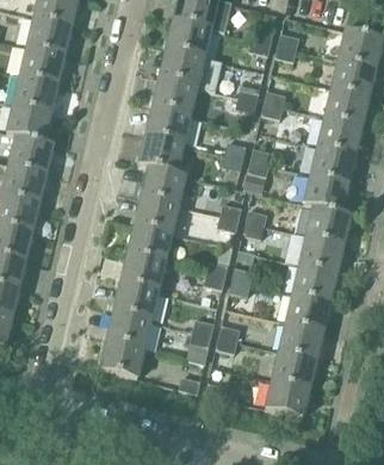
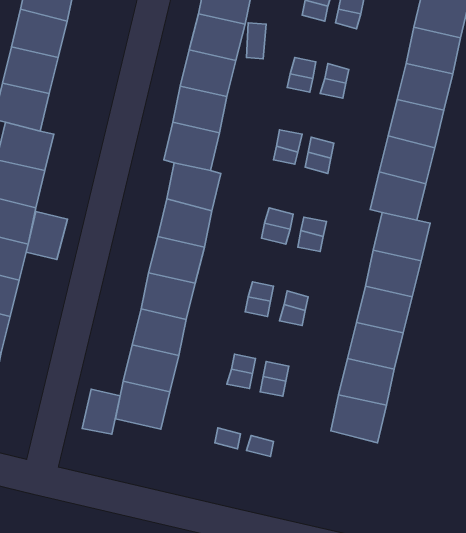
building: none -> [26,211,67,259]
building: none -> [82,389,120,434]
building: [264,380,308,418] -> none

